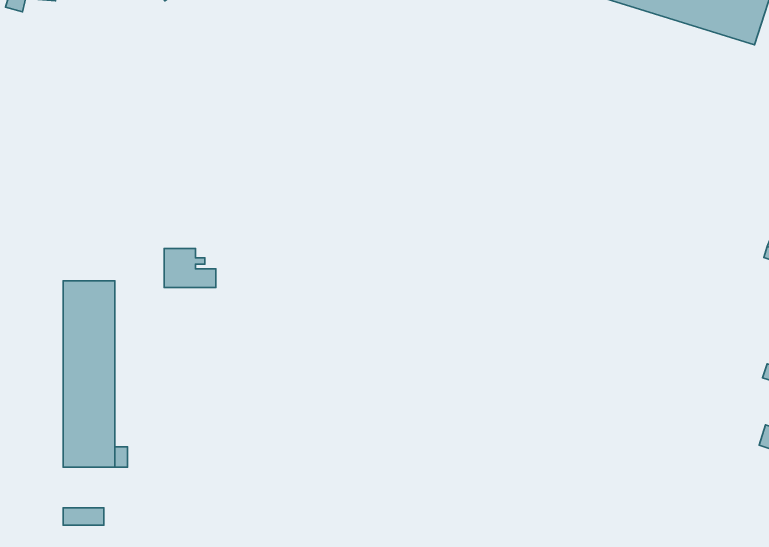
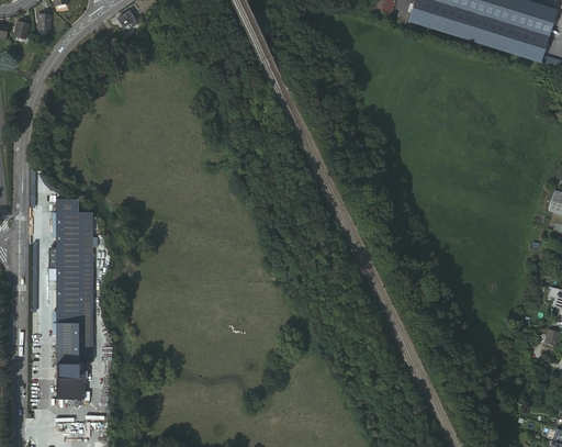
building: [164,249,216,288] -> [56,200,92,227]
building: none -> [56,358,79,379]

